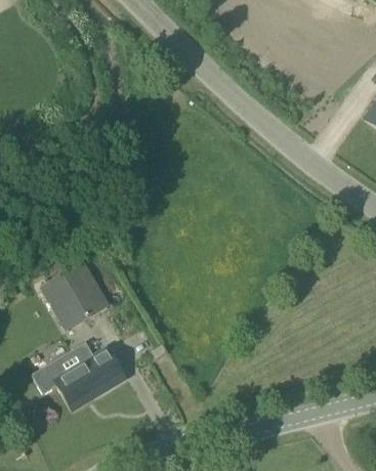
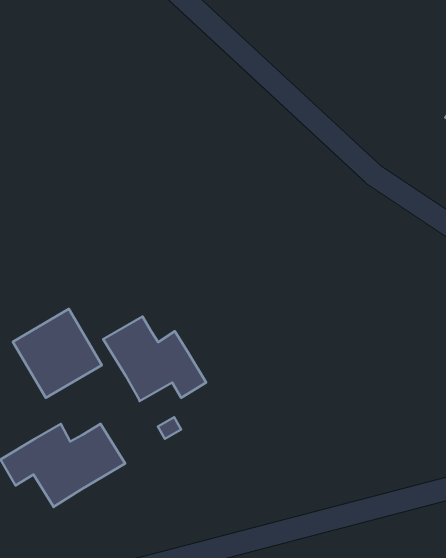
building: none -> [103,316,206,401]

